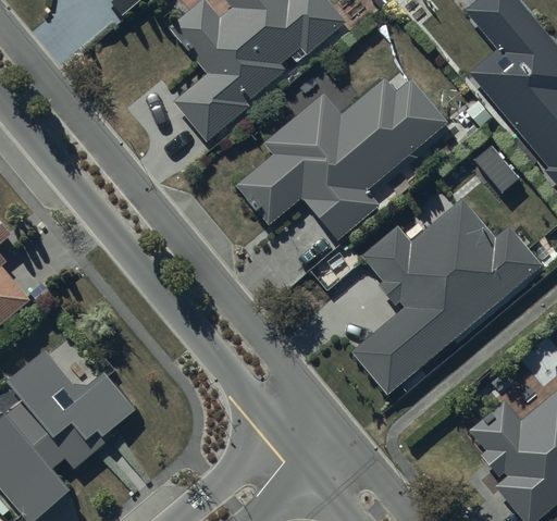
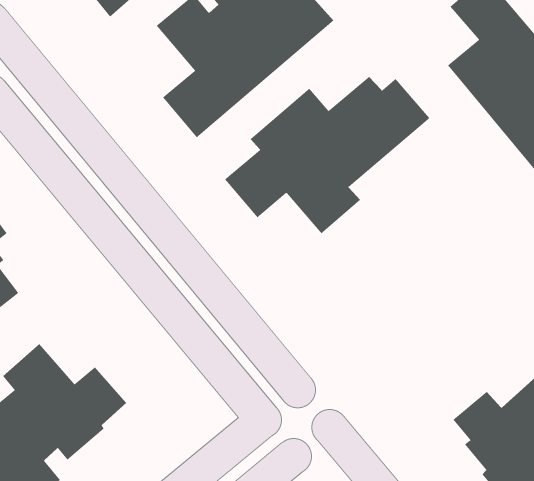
building: [351,199,547,392] -> none

